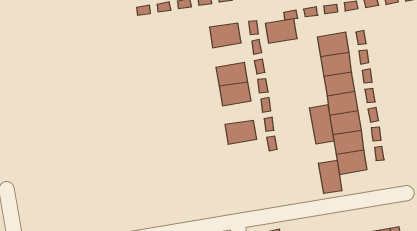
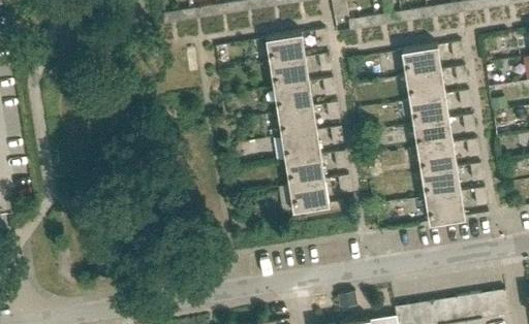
building: [265,19,297,43] -> [270,60,310,91]
building: none -> [282,133,321,163]
building: [309,105,334,144] -> none
building: none -> [277,182,330,216]
building: [319,160,342,194] -> none

